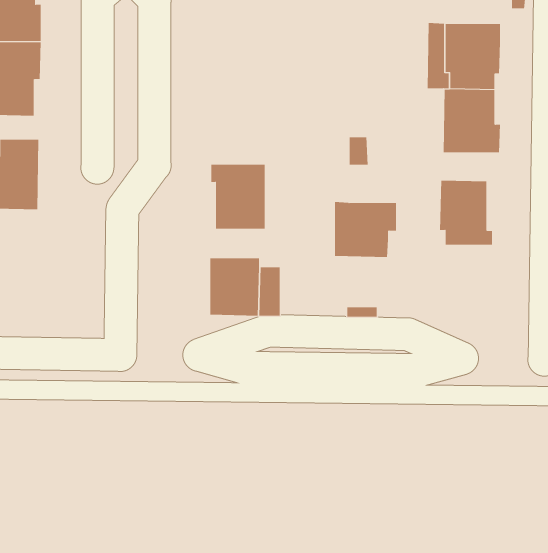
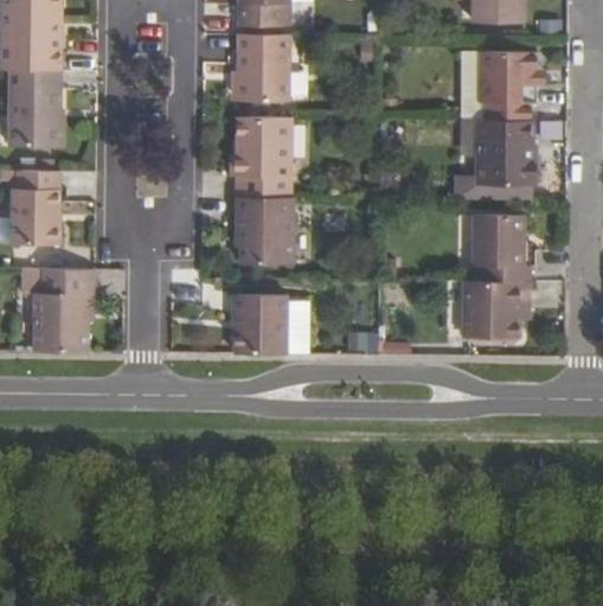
building: none -> [237,33,288,101]
building: none -> [229,116,289,197]
building: [334,201,397,257] -> [462,280,527,338]
building: none -> [21,268,86,352]

